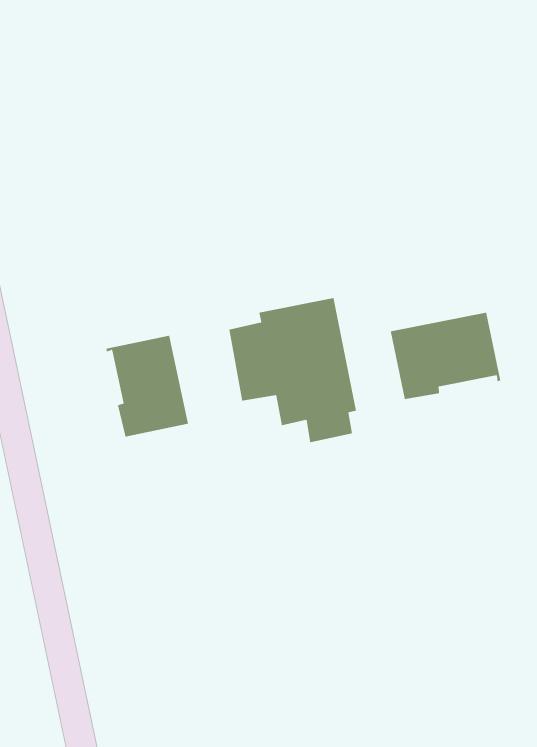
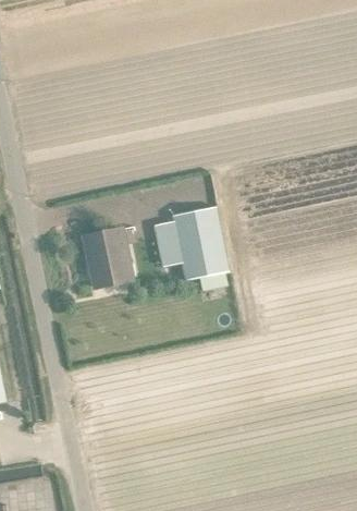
building: [390,312,501,400] -> none

